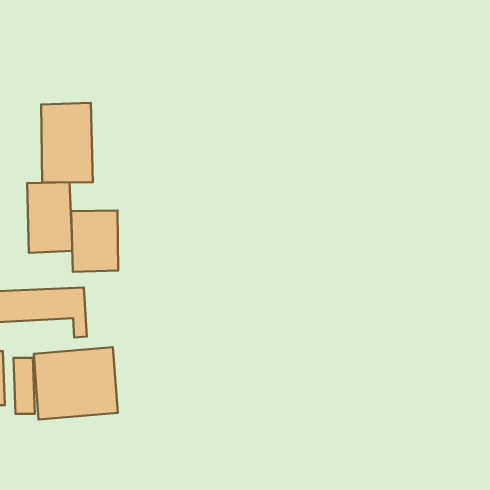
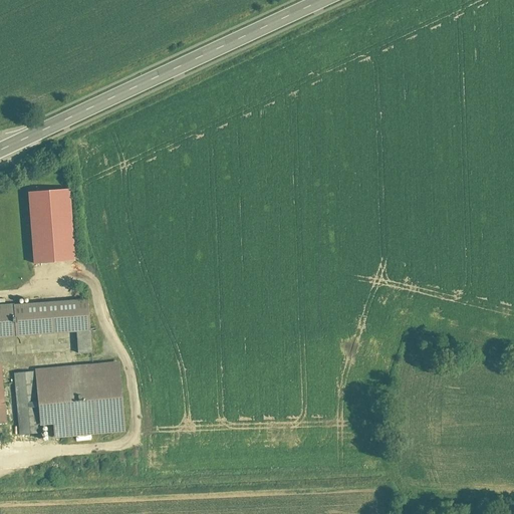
building: [41,103,93,183] -> none
building: [71,210,118,272] -> none

